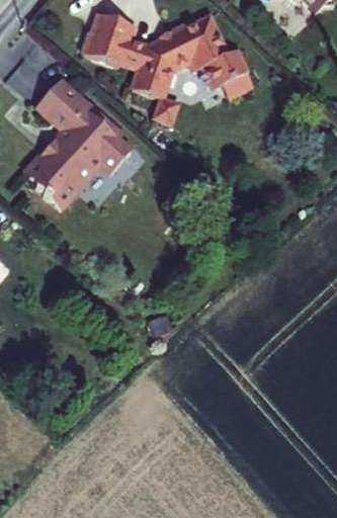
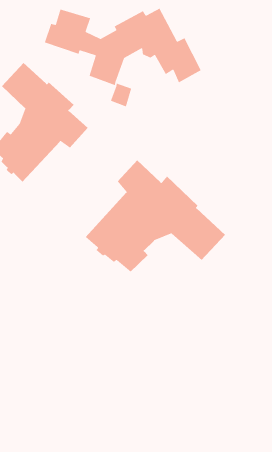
building: none -> [85,160,226,273]

